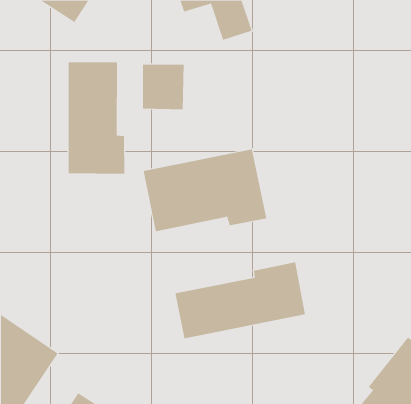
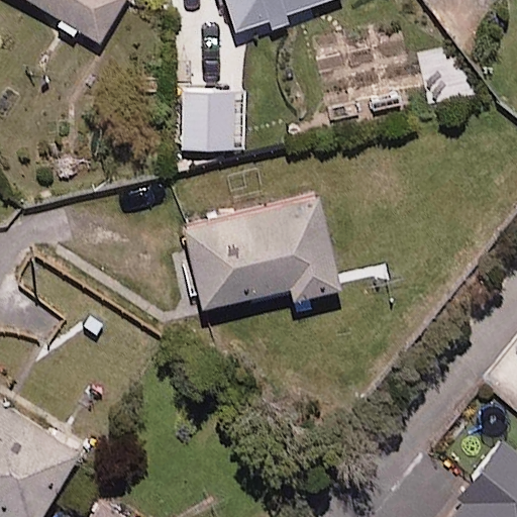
building: [68,62,125,175] -> none
building: [175,261,306,339] -> none

